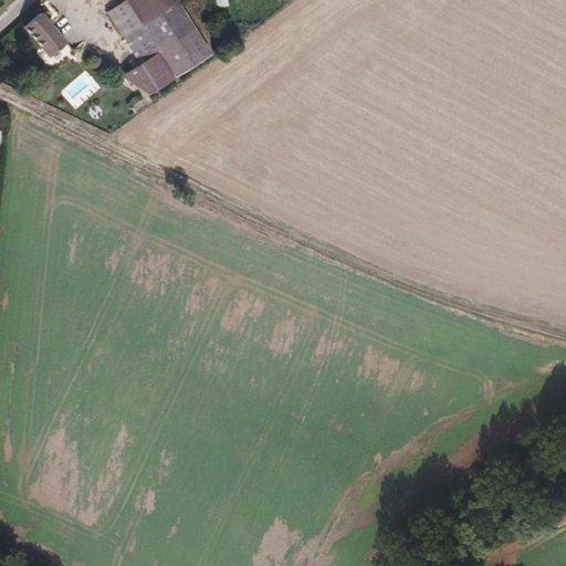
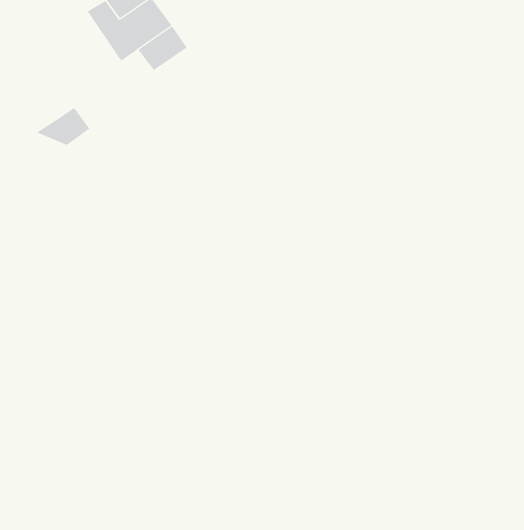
building: [22,13,70,66] -> none
building: [122,52,178,92] -> [36,107,90,145]

